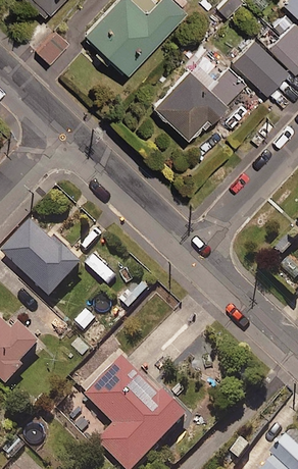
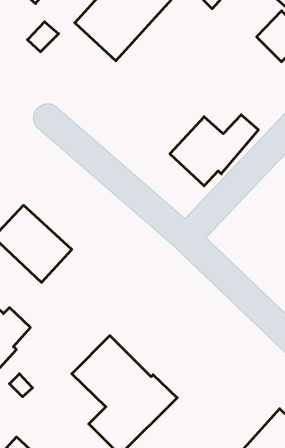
building: [231,37,287,93] -> none
building: [152,65,242,138] -> [170,115,258,186]

